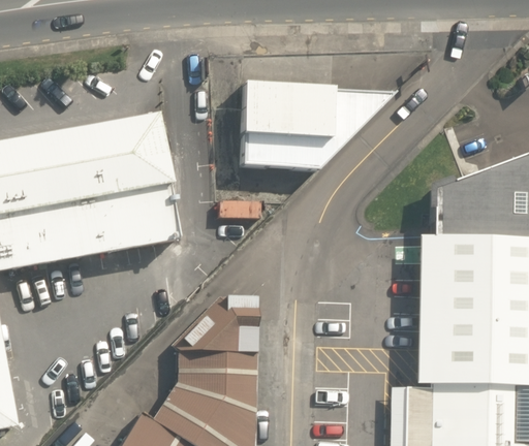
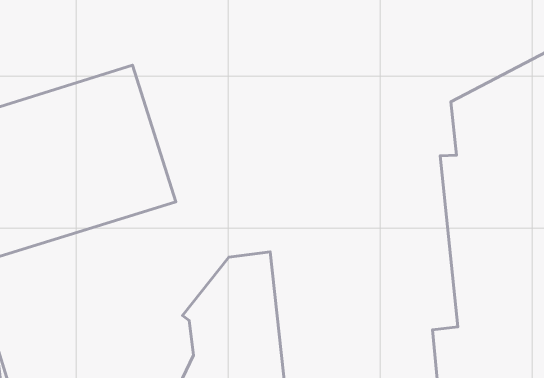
building: [242,84,395,171] -> none

